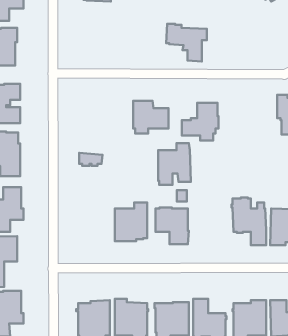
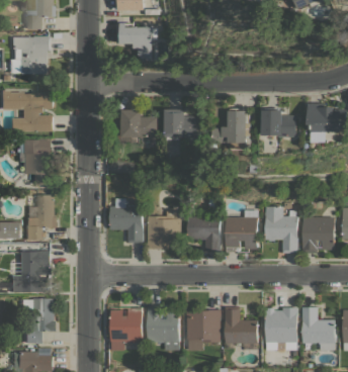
building: [166,24,207,61] -> [116,23,157,61]
building: none -> [121,109,157,143]
building: none -> [263,110,297,137]
building: [158,143,191,185] -> [225,210,257,252]
building: none -> [109,198,143,243]

